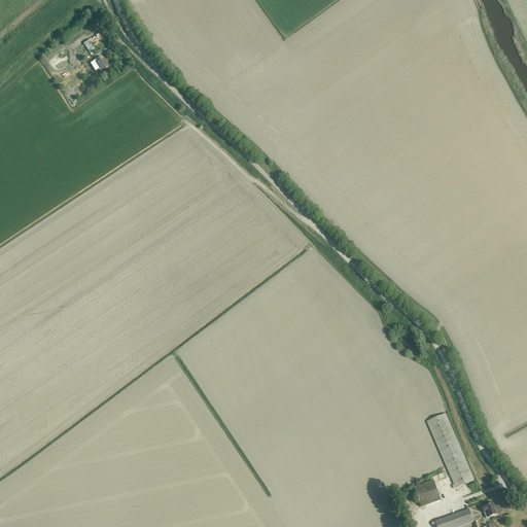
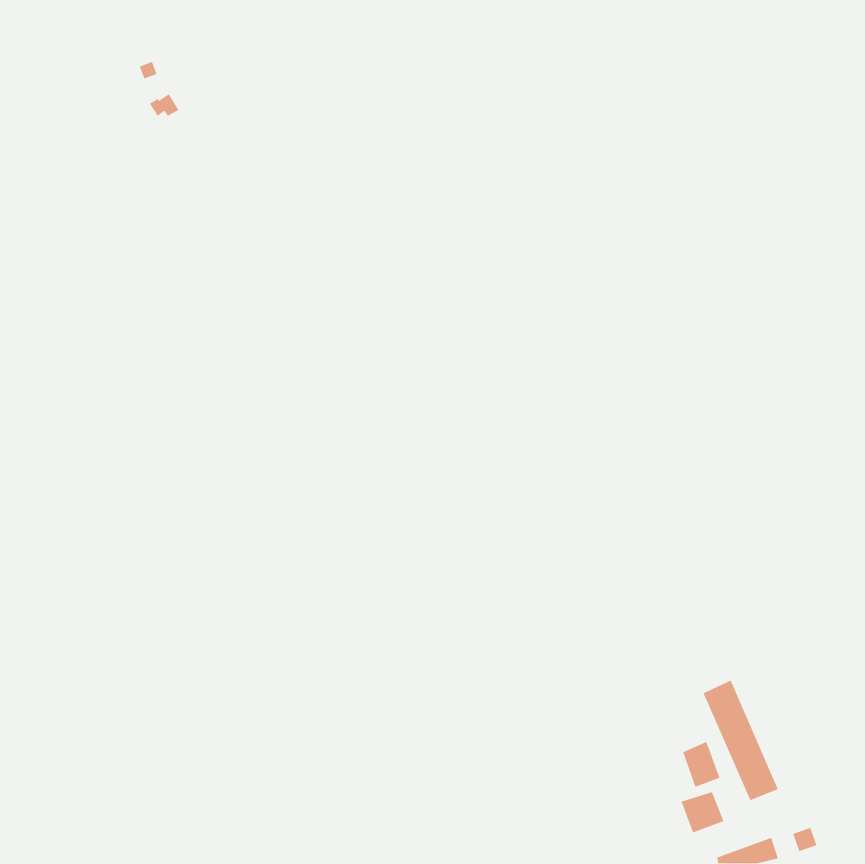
building: none -> [682,741,721,788]

